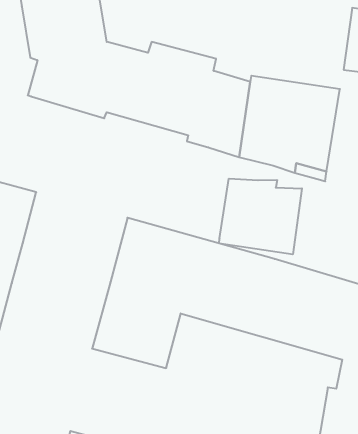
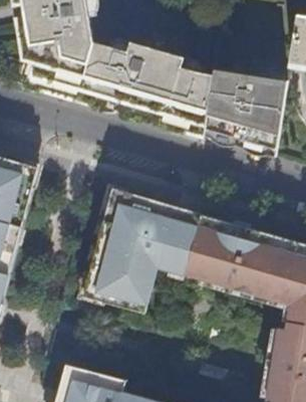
building: [219,179,302,254] -> none

